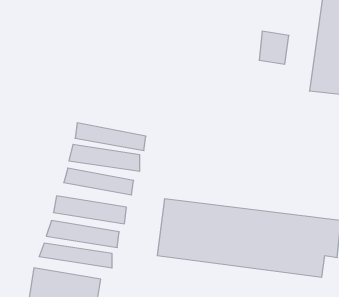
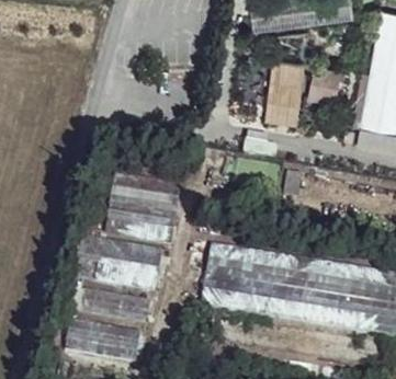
building: none -> [268,64,303,124]

